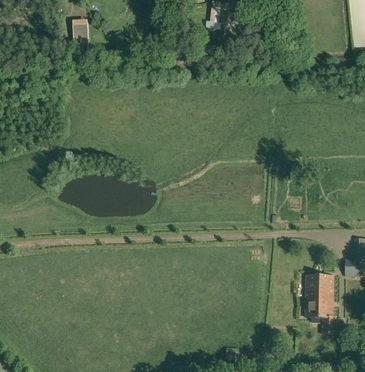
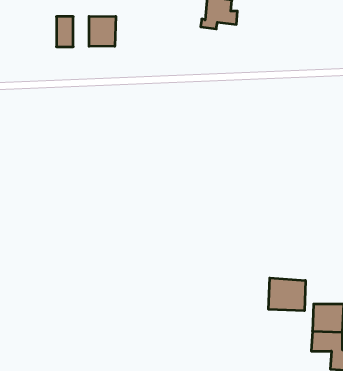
building: none -> [89,16,116,46]
building: none -> [269,278,305,311]

